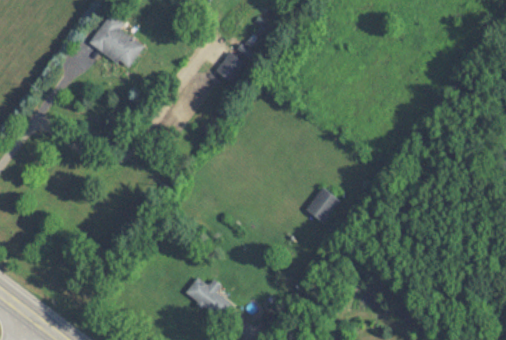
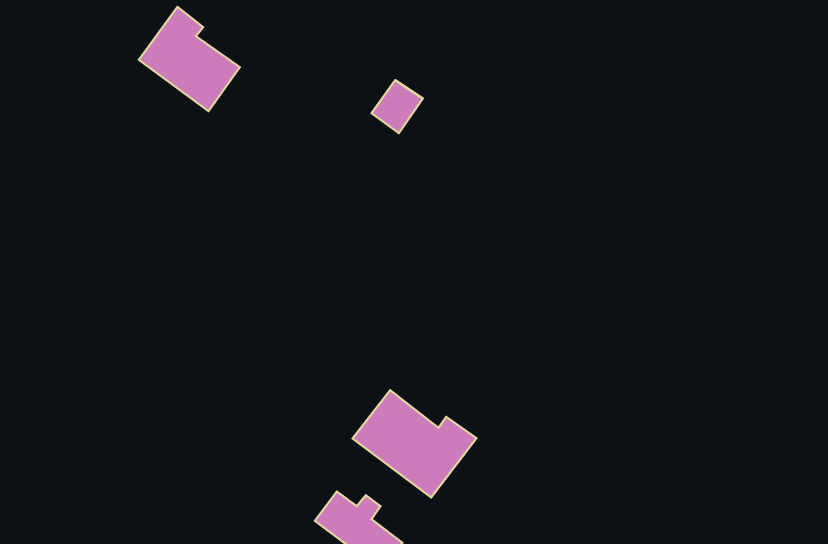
building: [305,187,339,222] -> none
building: none -> [352,390,477,498]

